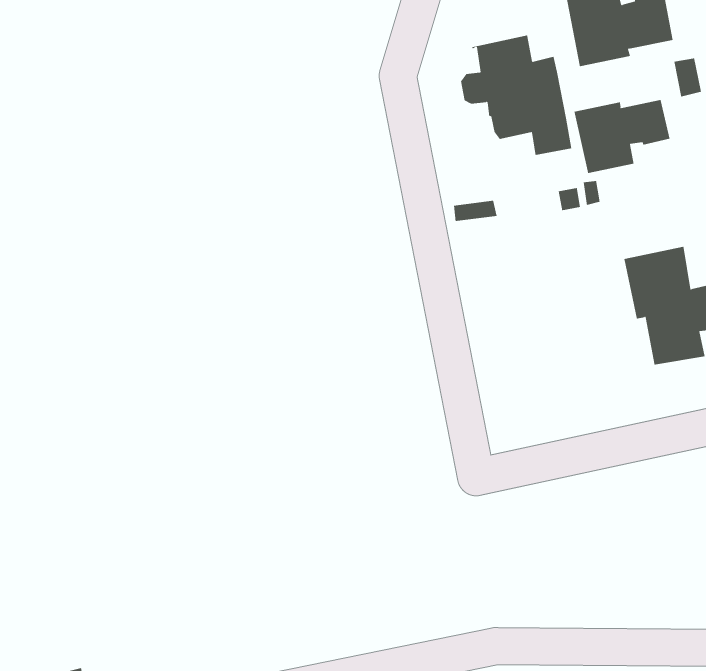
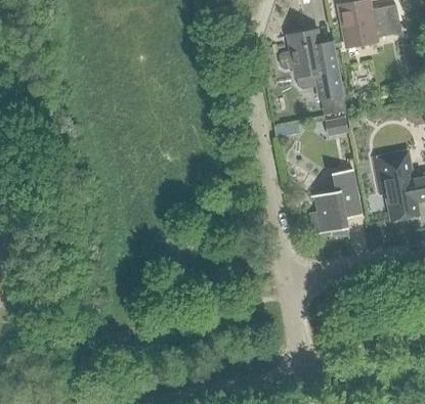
building: [574,99,670,174] -> none
building: none -> [307,168,356,235]

